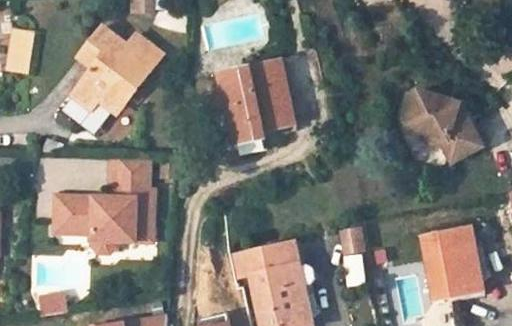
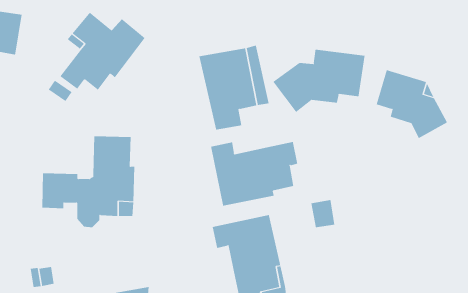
building: none -> [273,49,365,113]
building: none -> [210,141,298,206]
building: [420,228,482,298] -> none

